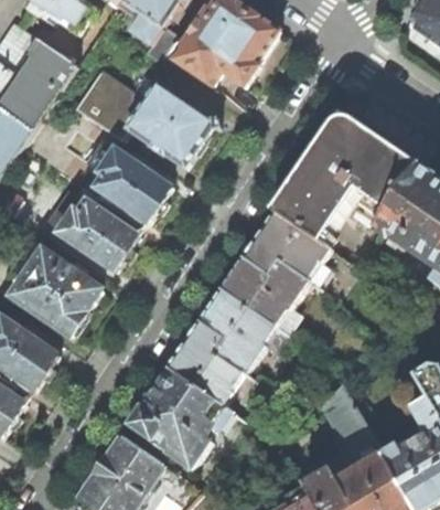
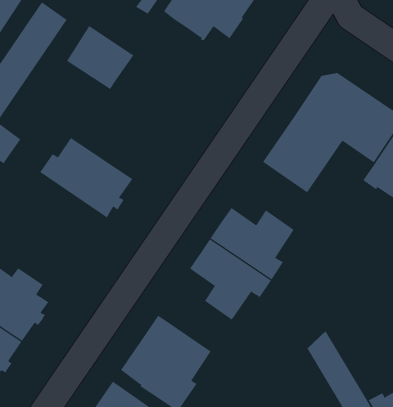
building: [125,82,216,166] -> none
building: [77,141,169,229] -> none
building: [242,211,329,285] -> none
building: [11,241,100,334] -> none
building: [167,320,251,405] -> none

